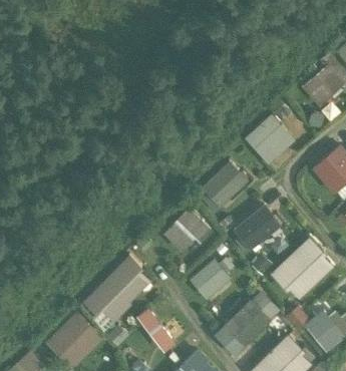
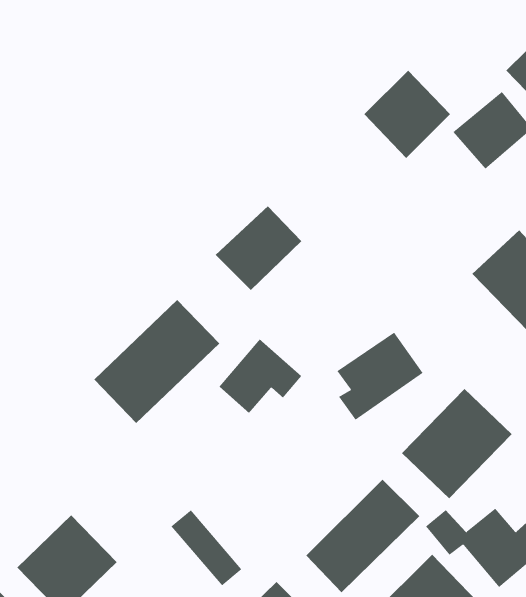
building: [245,108,296,160] -> [364,70,451,159]
building: [200,155,251,206] -> [215,205,302,291]
building: [80,252,154,325] -> [93,299,220,424]
building: [189,255,232,297] -> none

